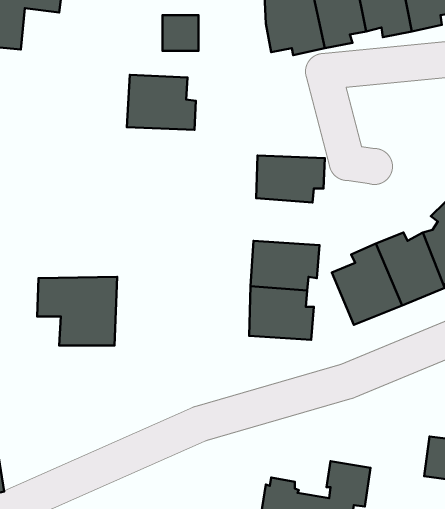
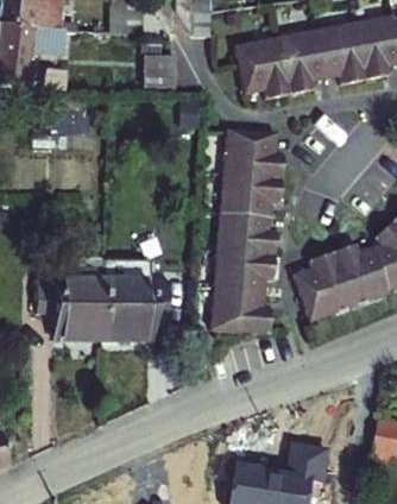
building: [127,75,196,130] -> [226,136,285,183]
building: none -> [222,218,281,258]
building: none -> [102,285,175,345]

